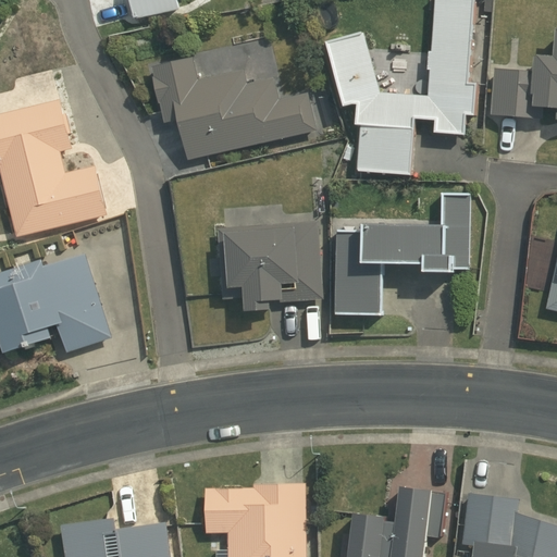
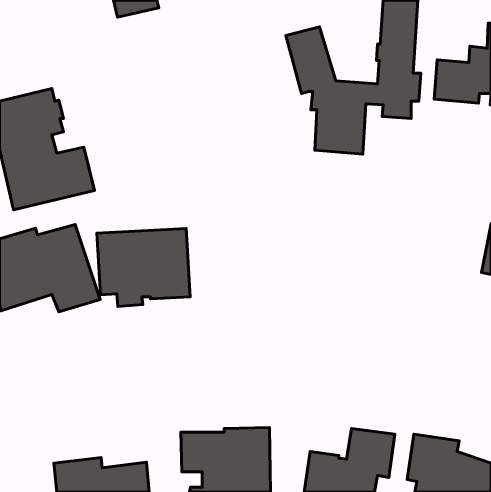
building: [150,54,320,163] -> none
building: [334,191,471,313] -> none
building: [218,222,323,310] -> [97,228,190,306]

